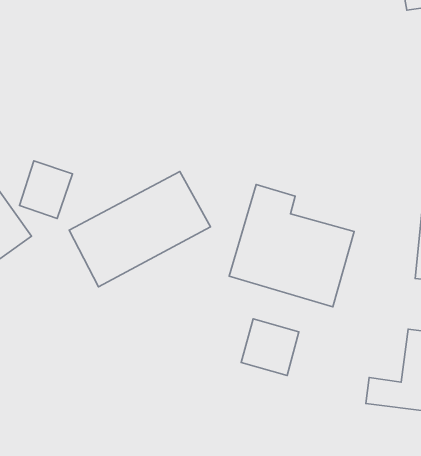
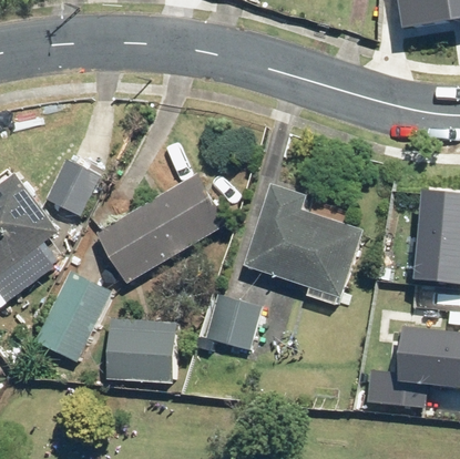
building: none -> [35,275,105,361]
building: [241,319,299,376] -> [202,292,256,345]
building: none -> [115,329,167,381]

